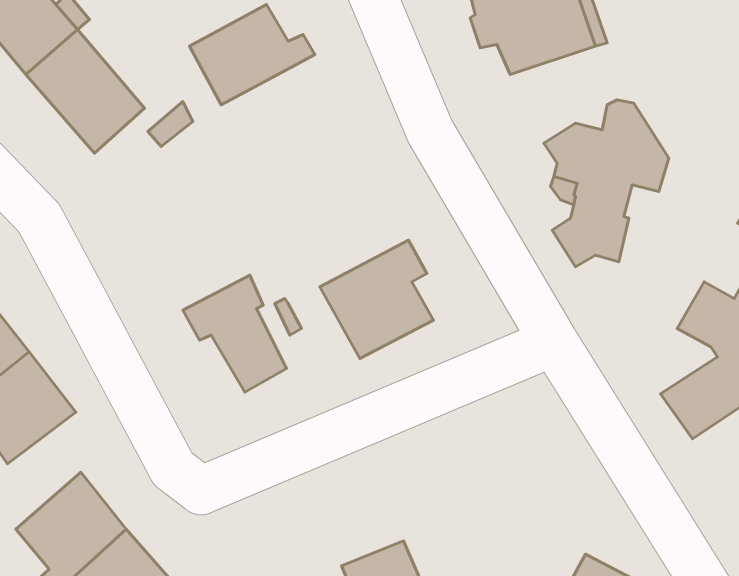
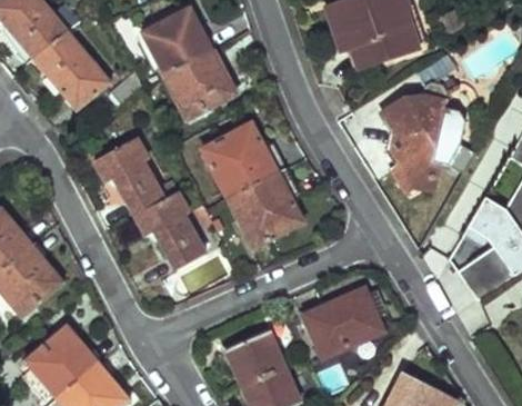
building: none -> [162,52,238,123]
building: none -> [202,126,287,200]
building: none -> [94,137,164,216]
building: none -> [305,290,382,358]
building: none -> [227,333,283,386]

